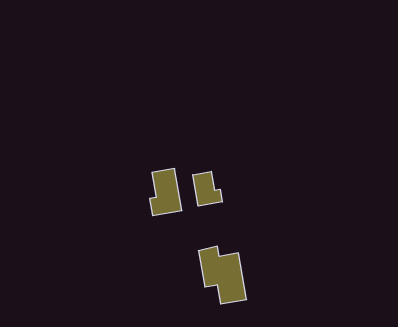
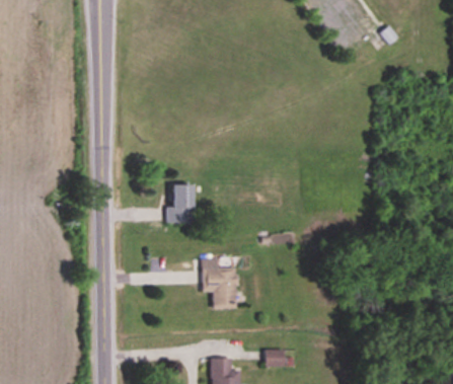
building: [193,171,222,206] -> none

